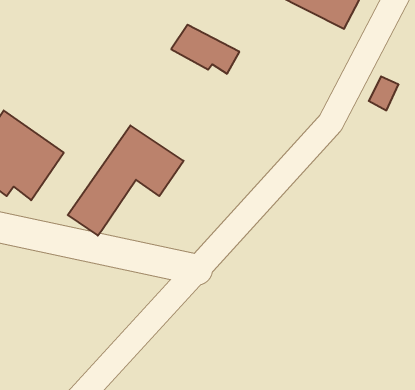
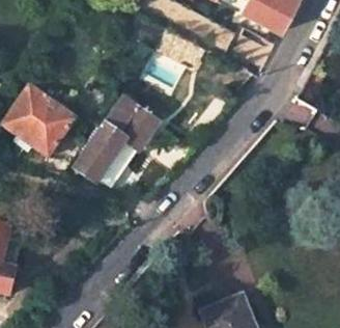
building: none -> [98,138,142,188]

